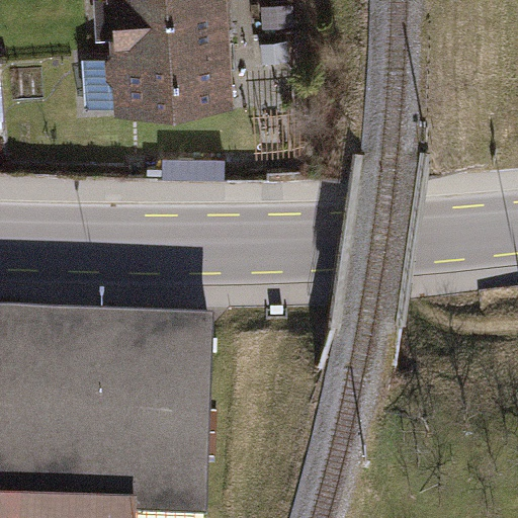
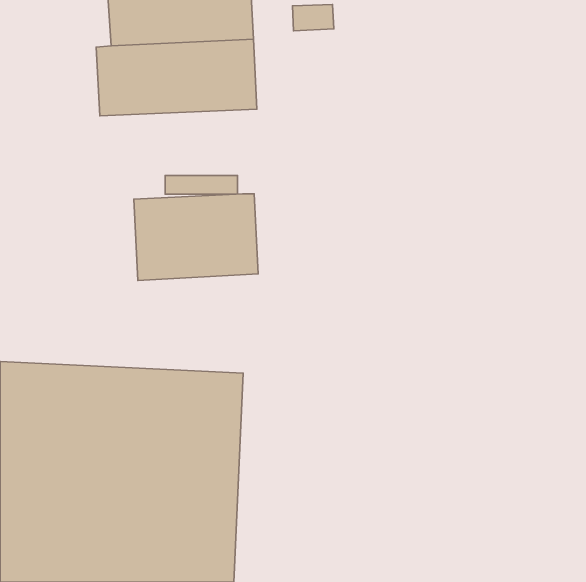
building: none -> [134,194,258,281]

